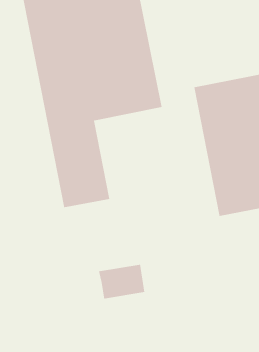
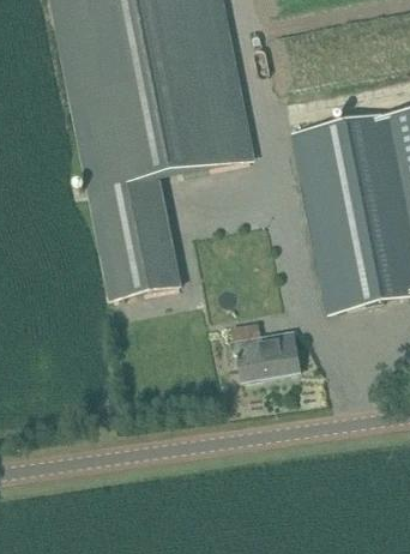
building: [98,264,145,299] -> [235,329,300,377]

